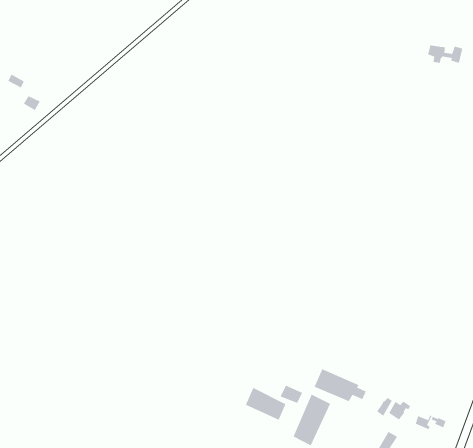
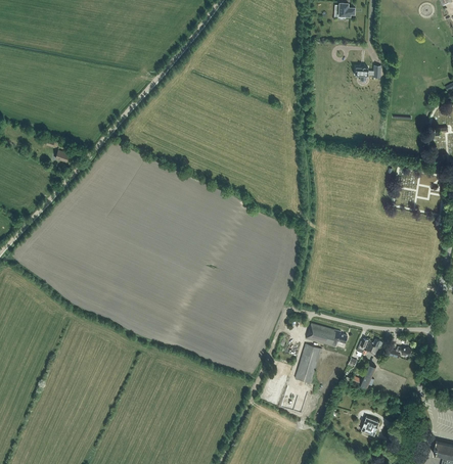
building: [245,387,286,421] -> none

